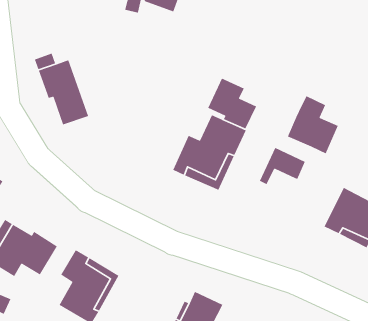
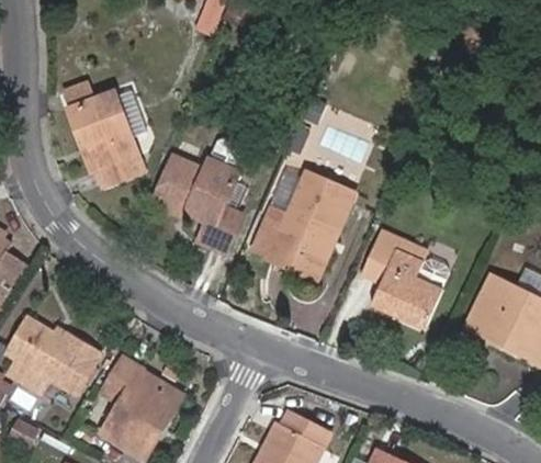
building: [207,77,257,130] -> none
building: none -> [150,137,251,251]
building: [287,95,339,154] -> [369,247,440,328]

